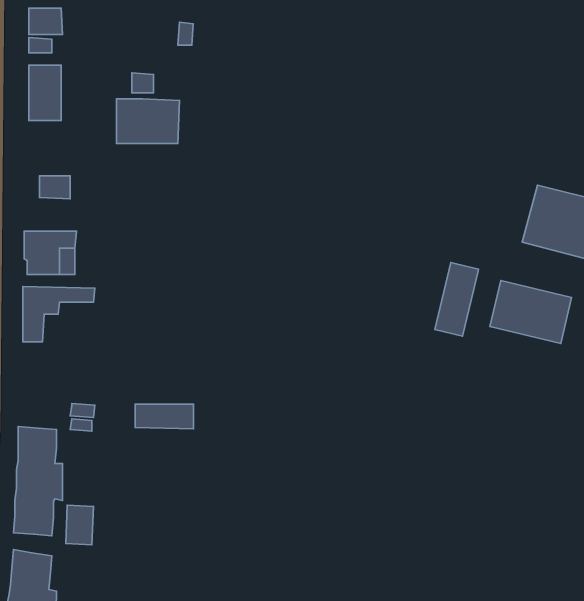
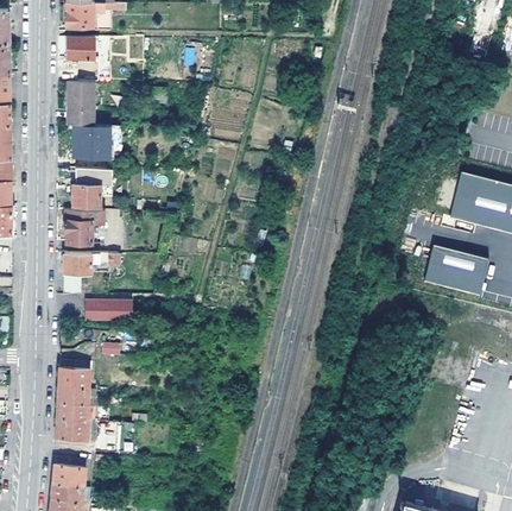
building: [116,99,179,144] -> [72,124,121,158]
building: none -> [72,183,100,208]
building: [435,263,479,336] -> none
building: [135,404,194,429] -> [87,302,132,321]

